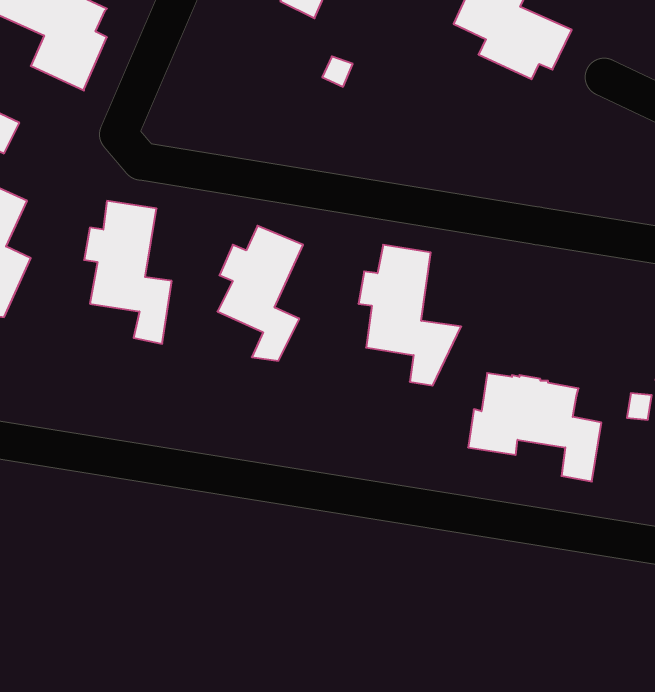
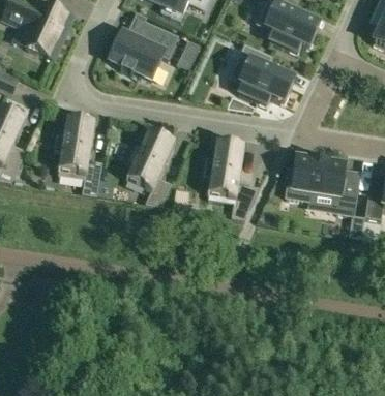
building: none -> [110,20,179,78]
building: none -> [229,43,294,105]
building: [468,373,601,482] -> [286,156,358,215]

